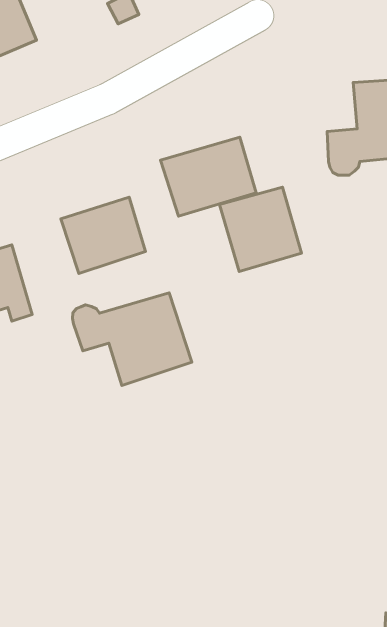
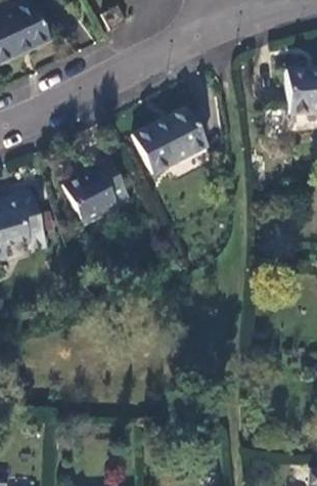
building: [220,187,301,271] -> none
building: [73,293,192,385] -> none

